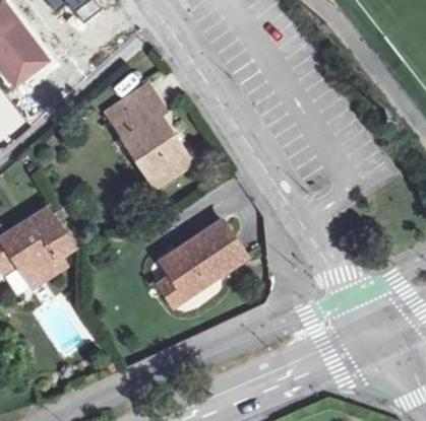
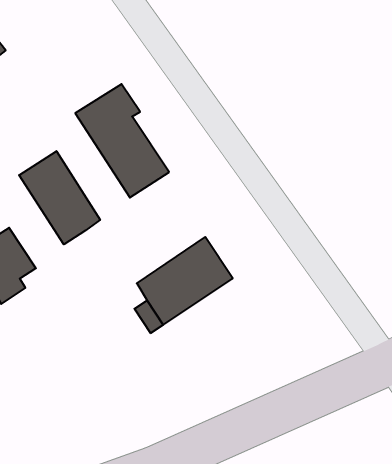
building: none -> [19,151,100,244]

